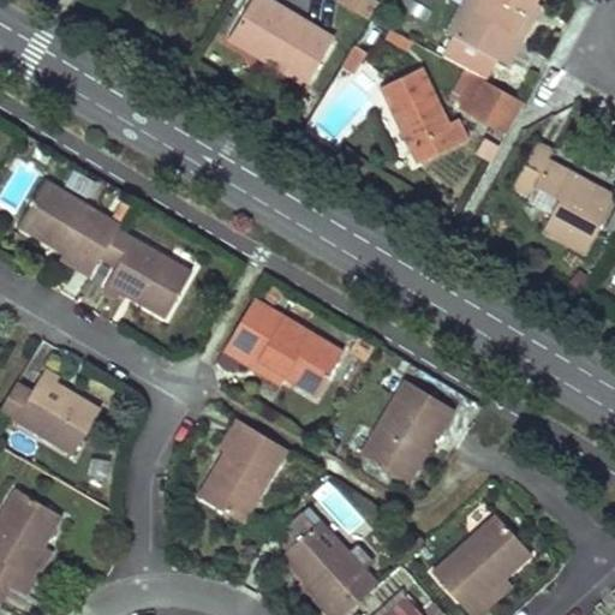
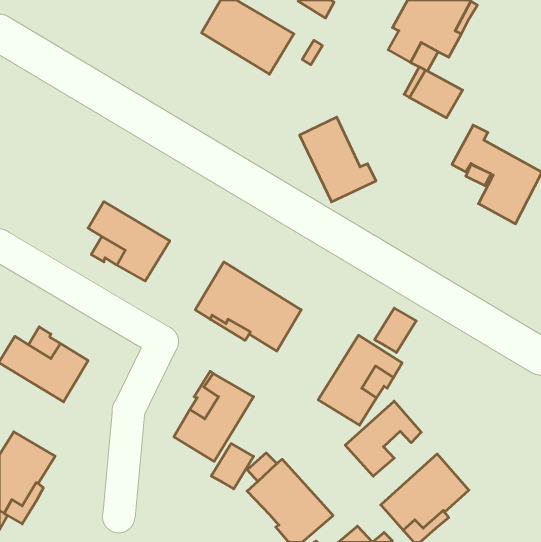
building: [380,66,466,162] -> [300,117,376,202]
building: [18,180,120,275] -> none
building: none -> [375,308,416,353]
building: none -> [345,401,421,476]
building: none -> [211,444,254,489]

